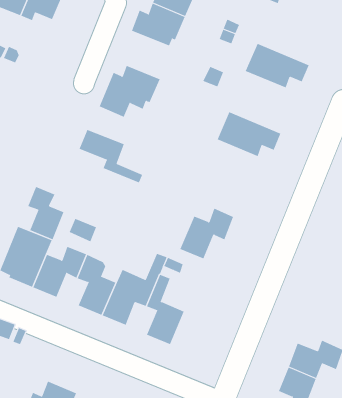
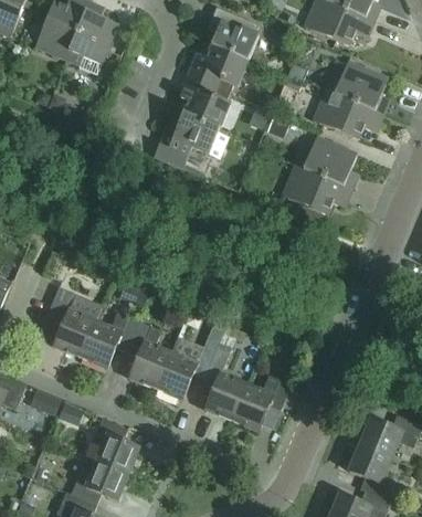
building: none -> [326,61,390,113]
building: none -> [178,75,230,128]
building: none -> [295,136,359,188]
building: [79,129,143,183] -> none
building: [27,186,64,240] -> none
building: [180,208,234,259] -> [231,374,291,431]
building: none -> [93,418,139,473]

